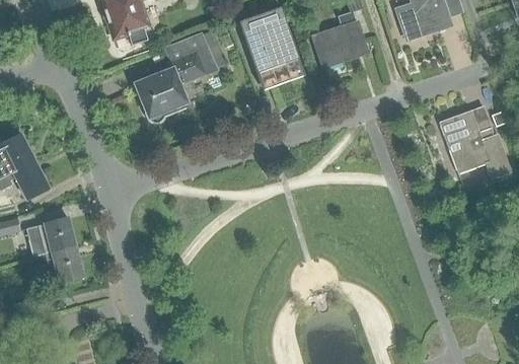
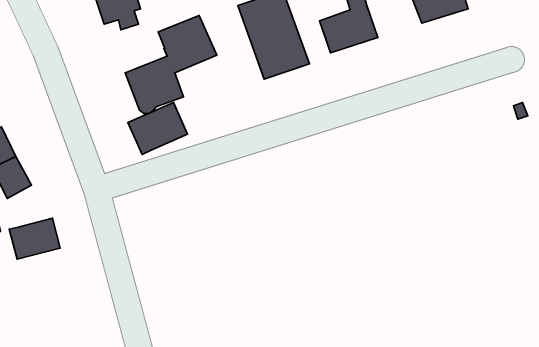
building: [438,107,511,178] -> none
building: none -> [128,102,187,154]
building: [35,245,83,283] -> none

